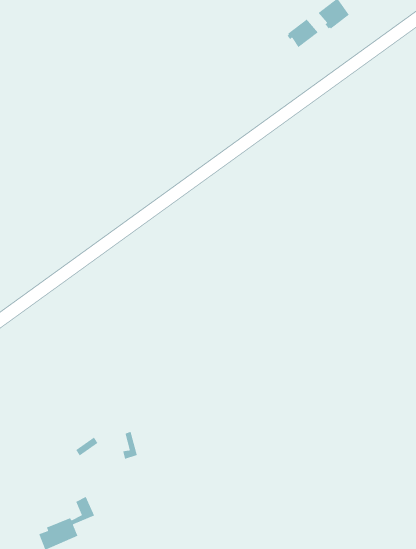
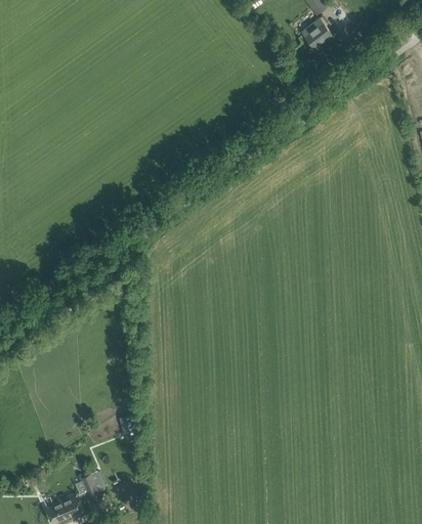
building: [286,19,319,48] -> none

